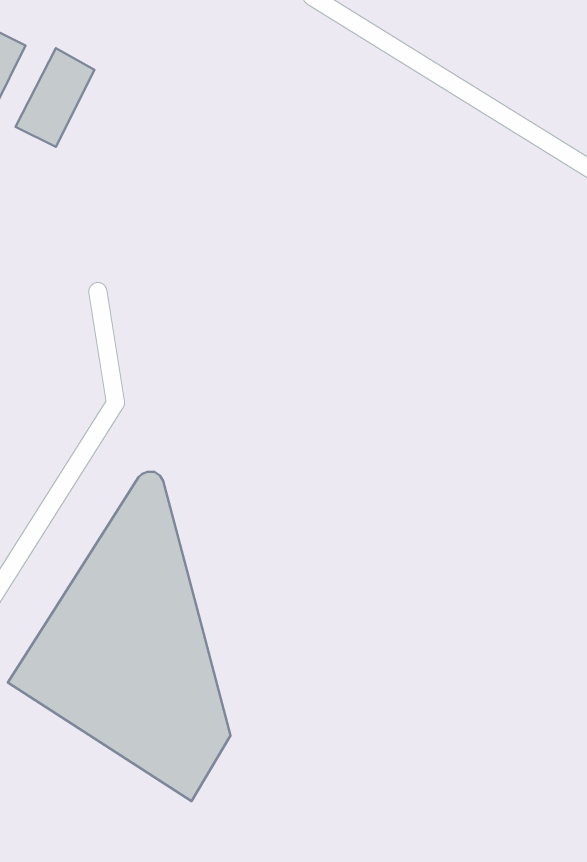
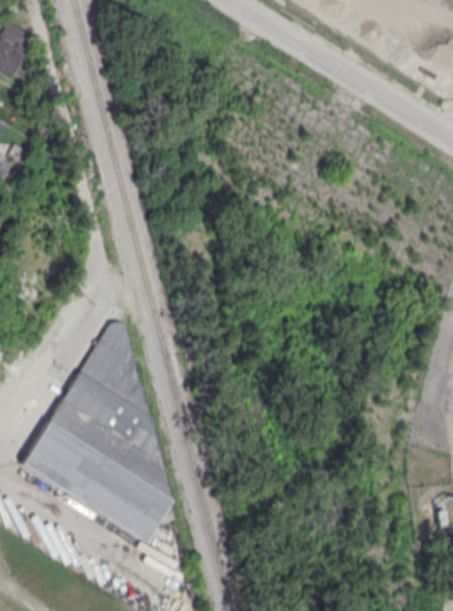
building: [15,48,95,147] -> none

